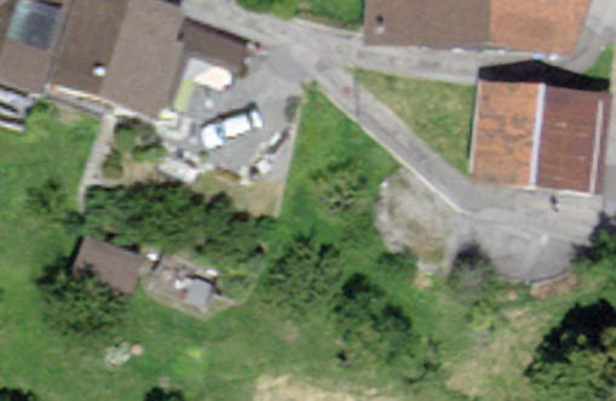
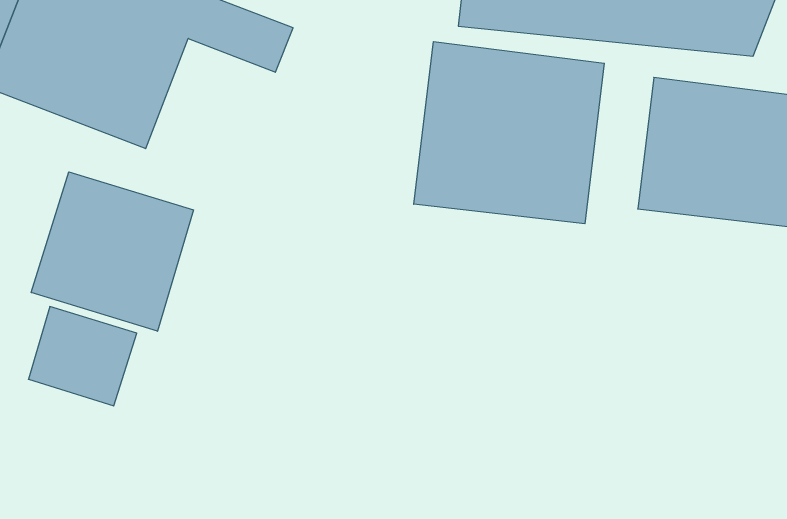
building: none -> [414,42,604,224]
building: none -> [31,172,193,331]

